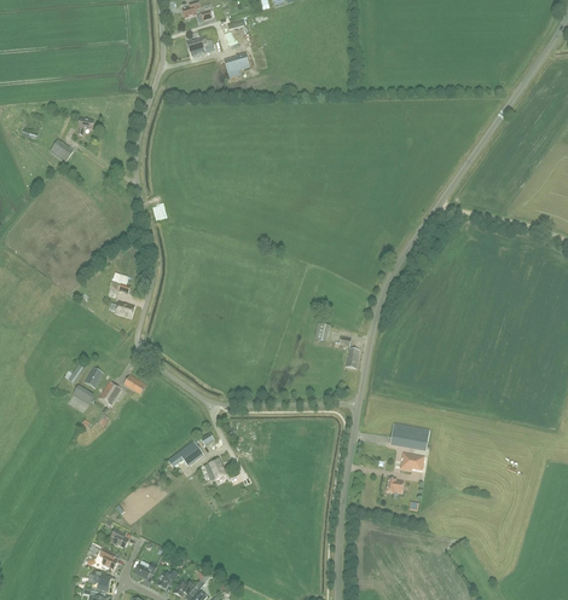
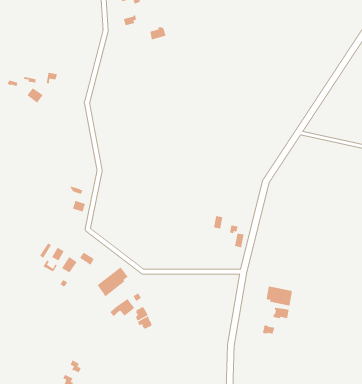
building: none -> [97,267,128,297]

